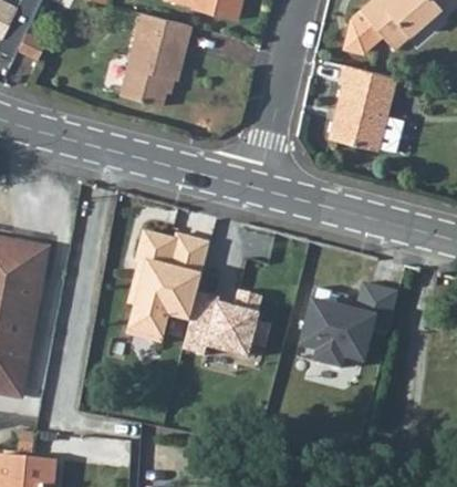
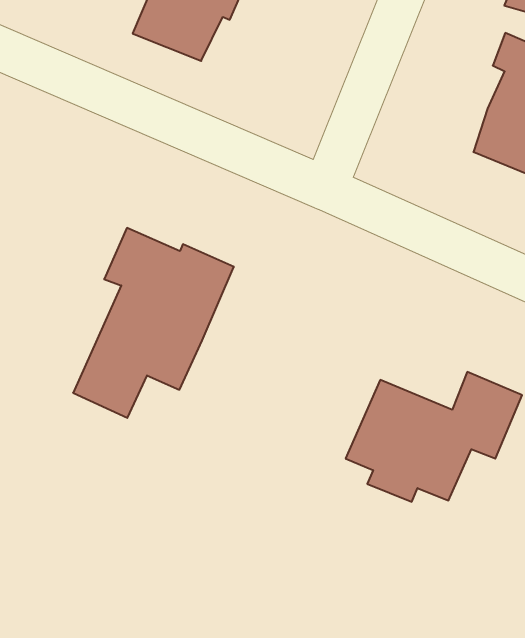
building: [180,284,271,362] -> none

